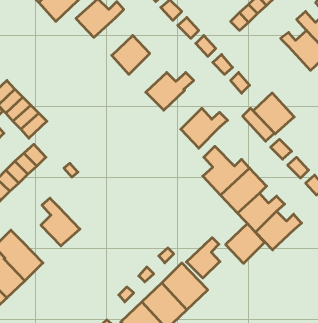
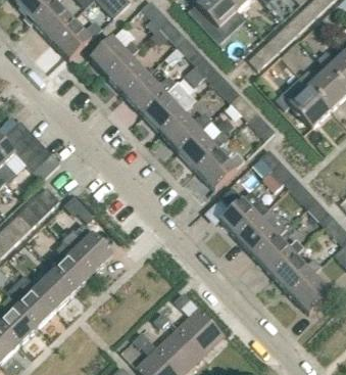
building: none -> [107,56,147,95]
building: none -> [143,82,194,133]
building: none -> [179,129,228,171]
building: [253,93,294,134] -> [287,86,329,128]
building: none -> [62,223,111,273]
building: [226,224,265,263] -> [290,273,330,314]
building: none -> [35,269,73,308]
building: [186,238,220,278] -> none

